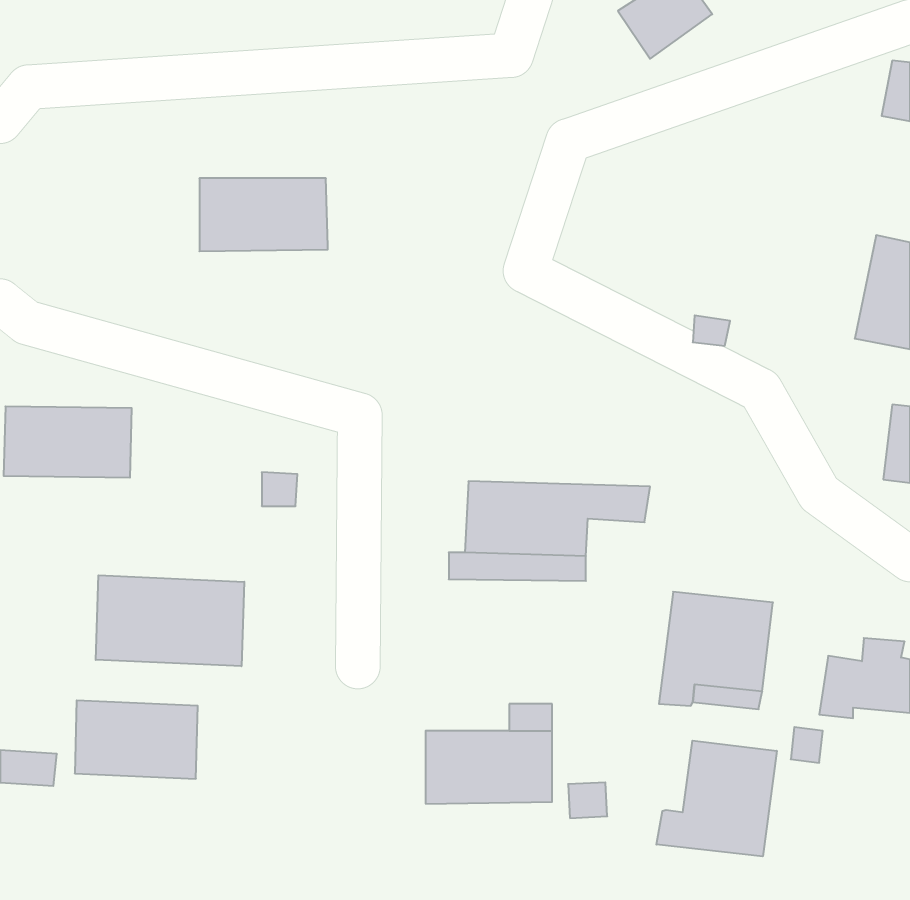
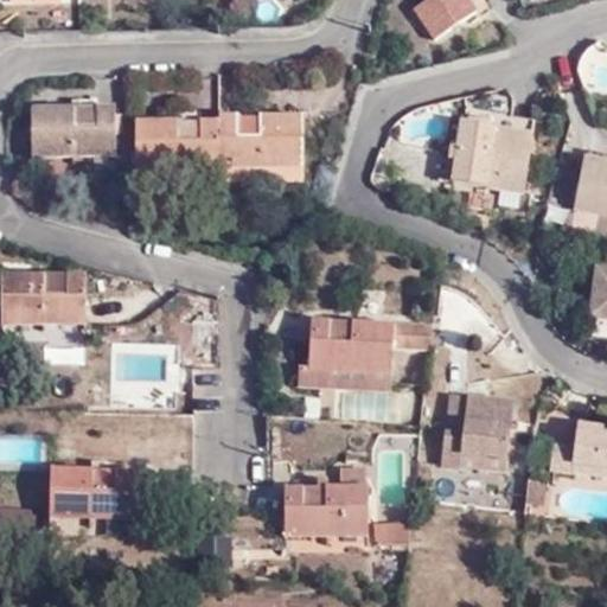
building: none -> [30,106,115,156]
building: none -> [217,114,301,164]
building: none -> [448,120,530,191]
building: [96,575,244,666] -> none
building: [656,741,777,856] -> none

